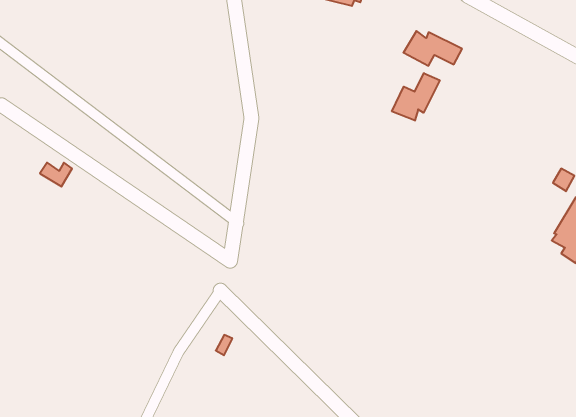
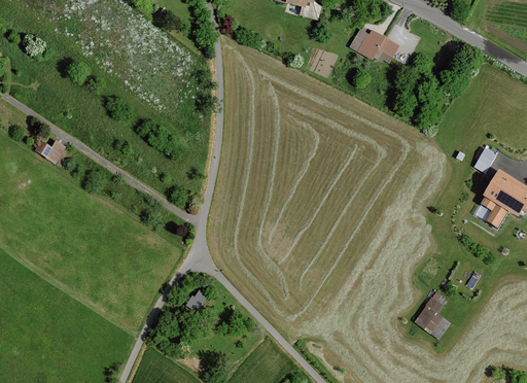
building: [392,73,440,121] -> none
building: none -> [416,291,448,333]

